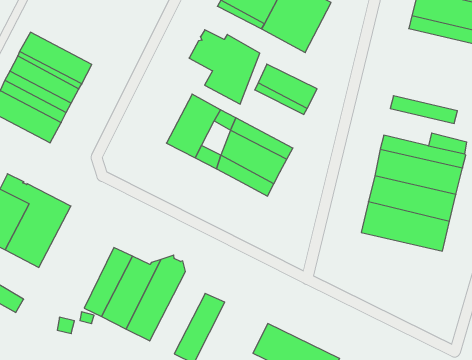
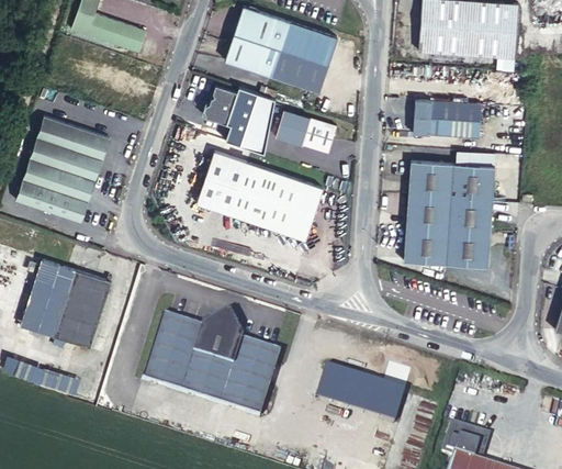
building: none -> [414,99,481,124]
building: none -> [232,174,258,206]
building: none -> [212,327,259,411]

